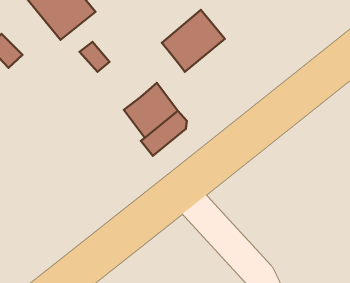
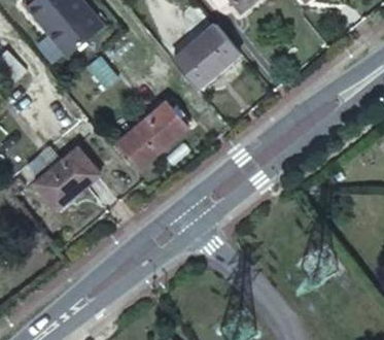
building: none -> [32,149,97,211]

